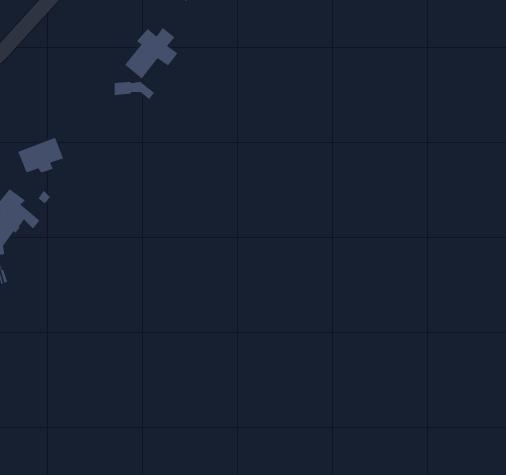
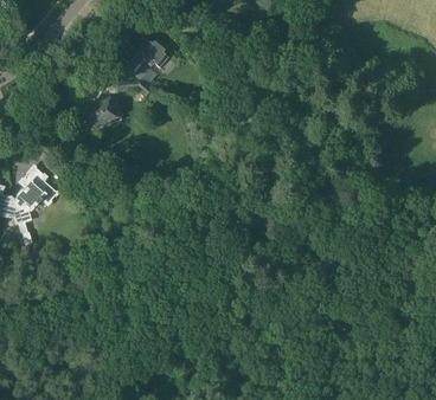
building: [17,137,64,173] -> [82,97,120,127]

